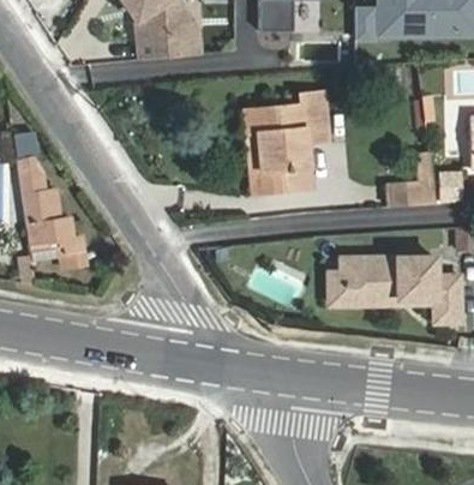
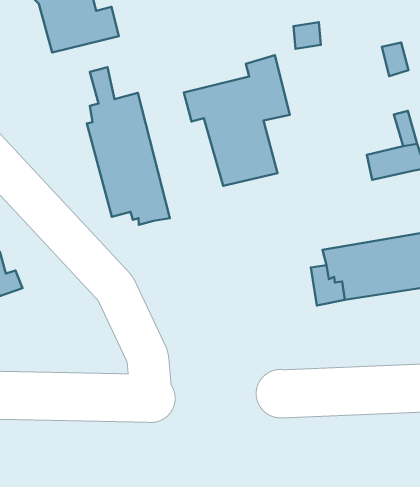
building: none -> [87,67,170,225]

